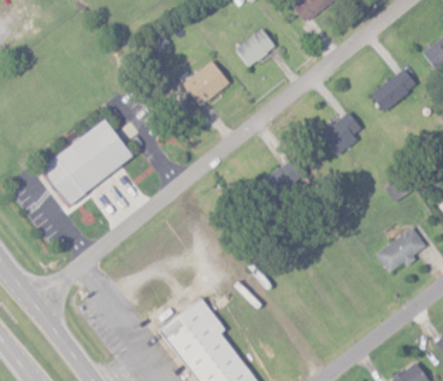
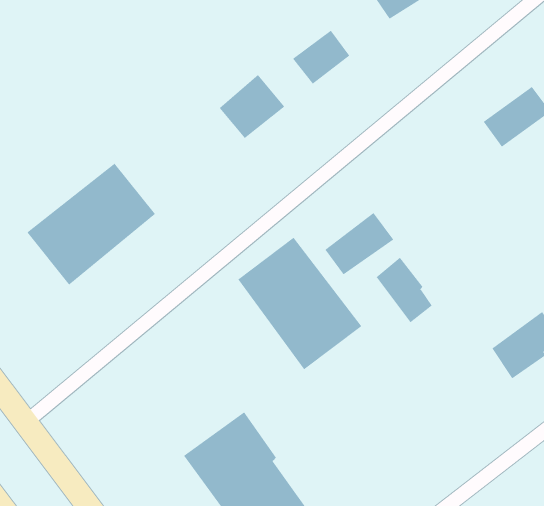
building: [320,111,365,153] -> none
building: none -> [238,237,362,370]
building: none -> [376,257,432,323]

